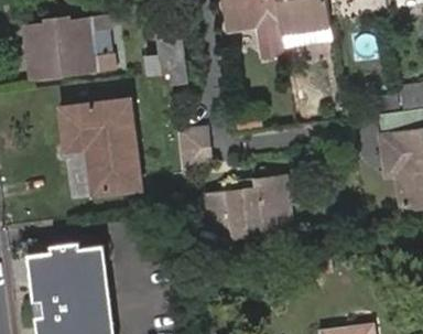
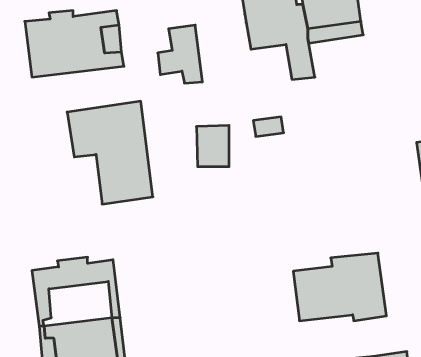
building: [206,176,291,238] -> [293,253,386,321]
building: [40,263,102,304] -> none

